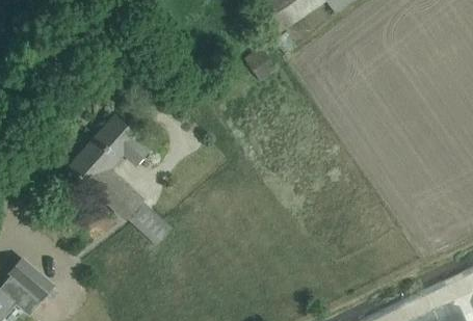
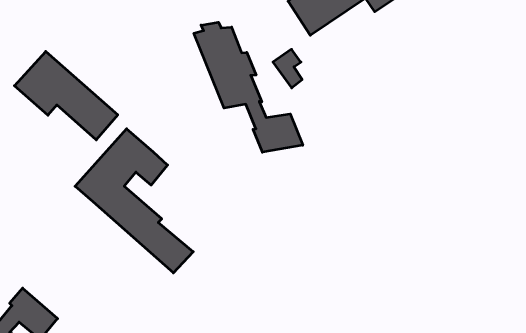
building: none -> [194,22,303,152]
building: none -> [14,51,118,140]

